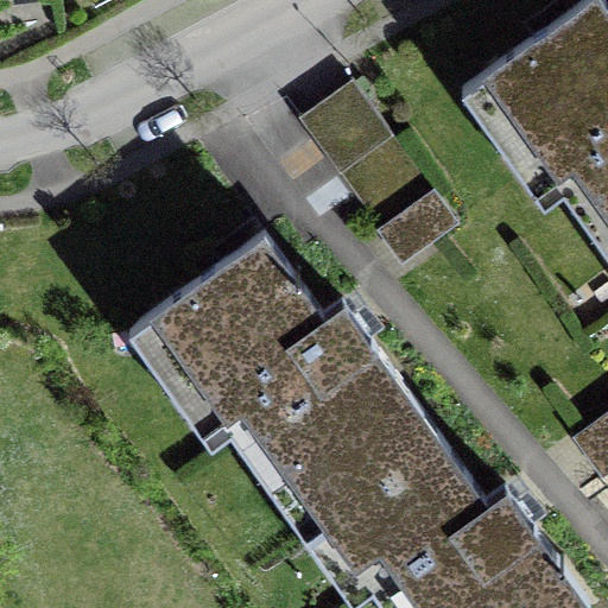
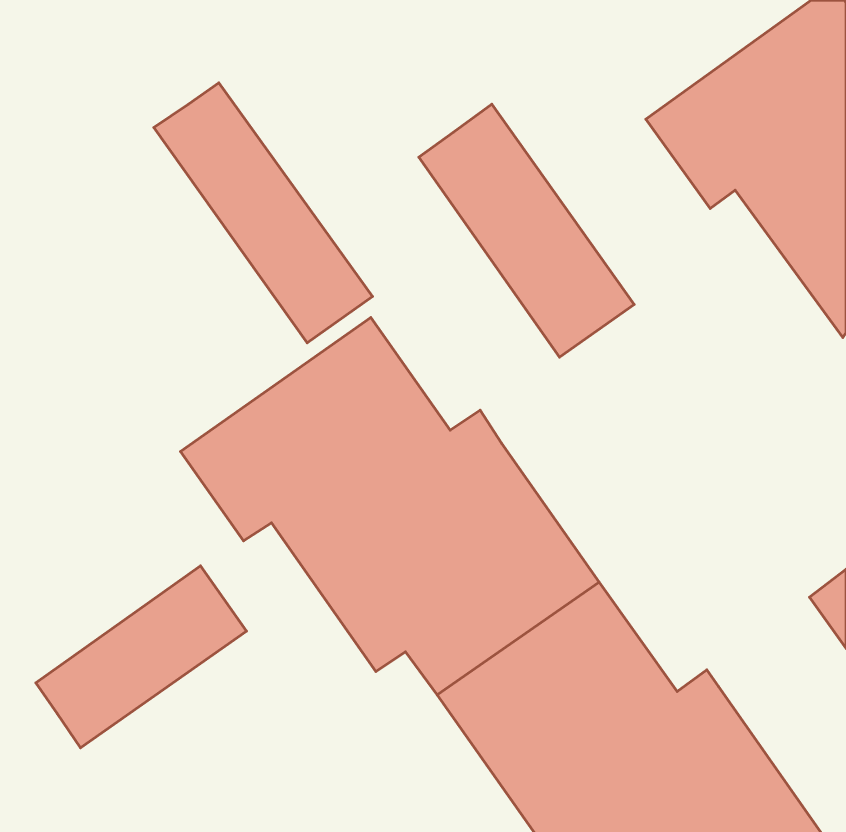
building: none -> [154,83,372,343]
building: none -> [36,566,246,748]

